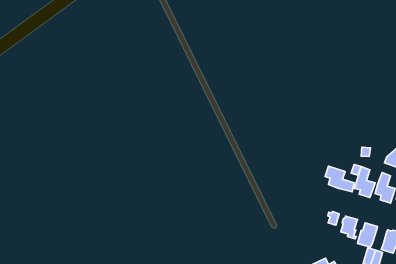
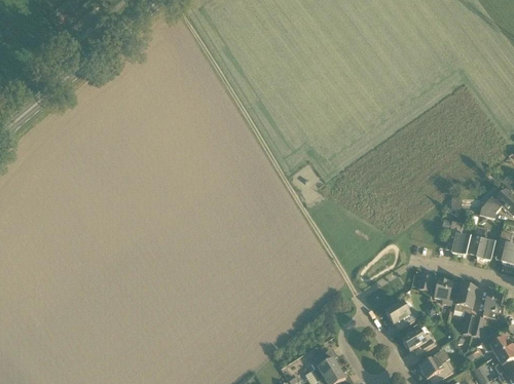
building: [325,166,354,192] -> none
building: none -> [387,301,420,329]

